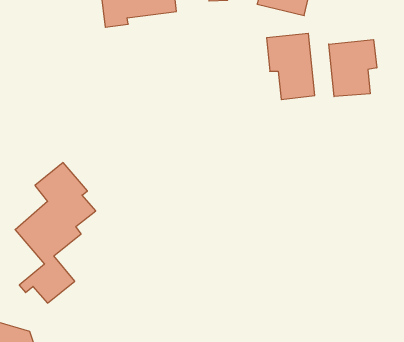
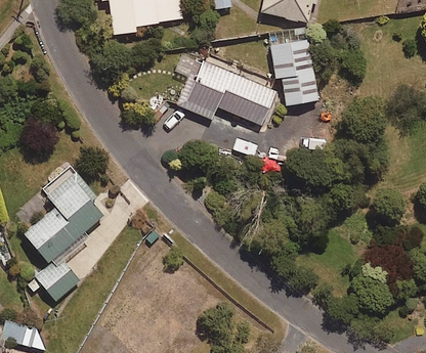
building: [329,40,377,97] -> none
building: none -> [174,51,275,125]

